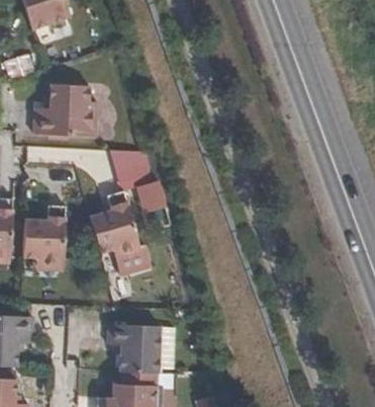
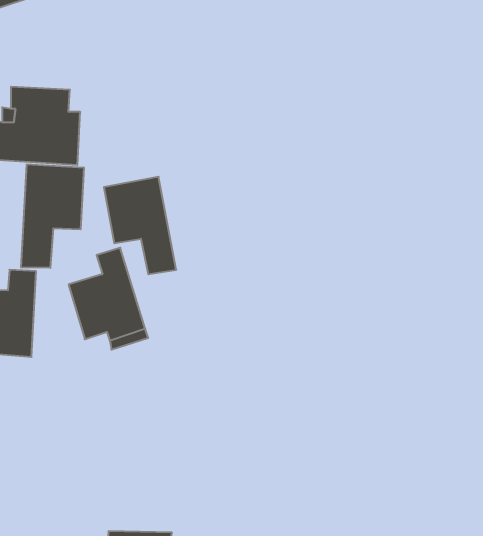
building: none -> [21,164,84,268]
building: [108,326,162,376] -> none

